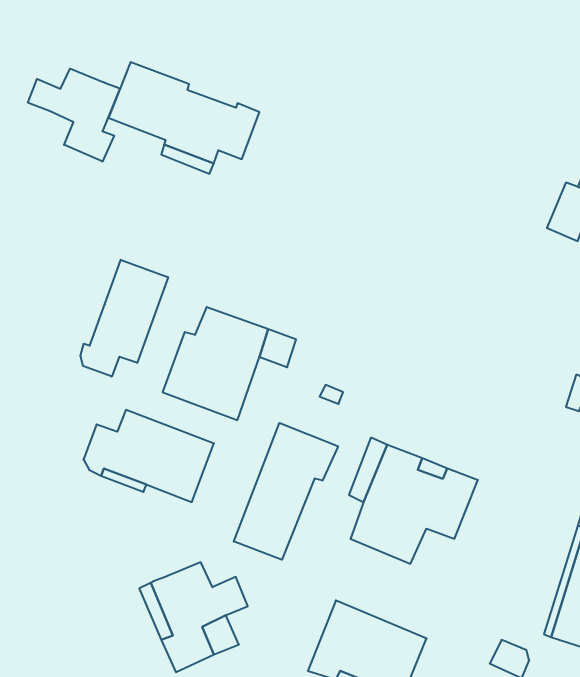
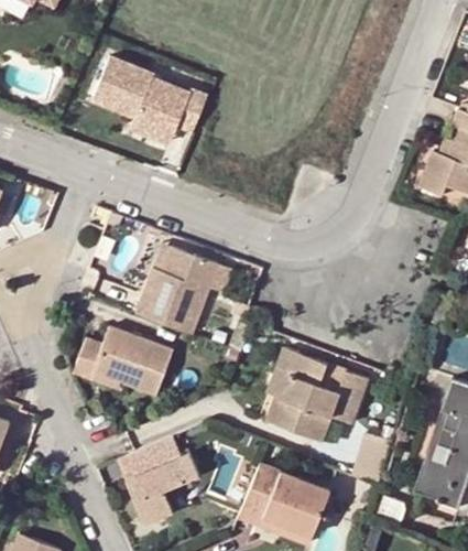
building: [28,69,120,162] -> none
building: [81,260,168,377] -> none
building: [234,423,338,560] -> none

